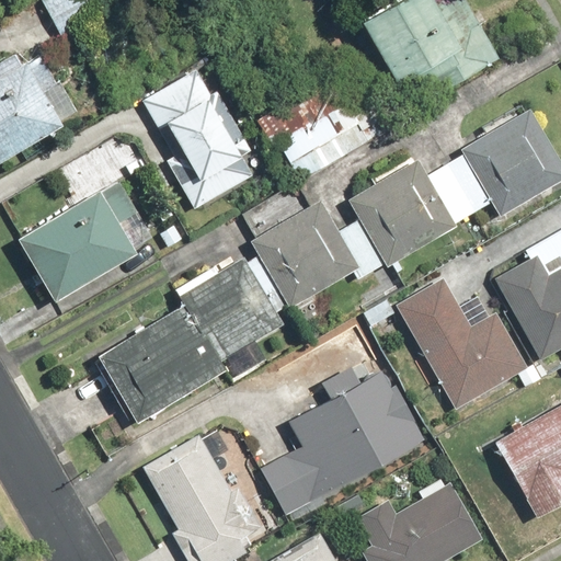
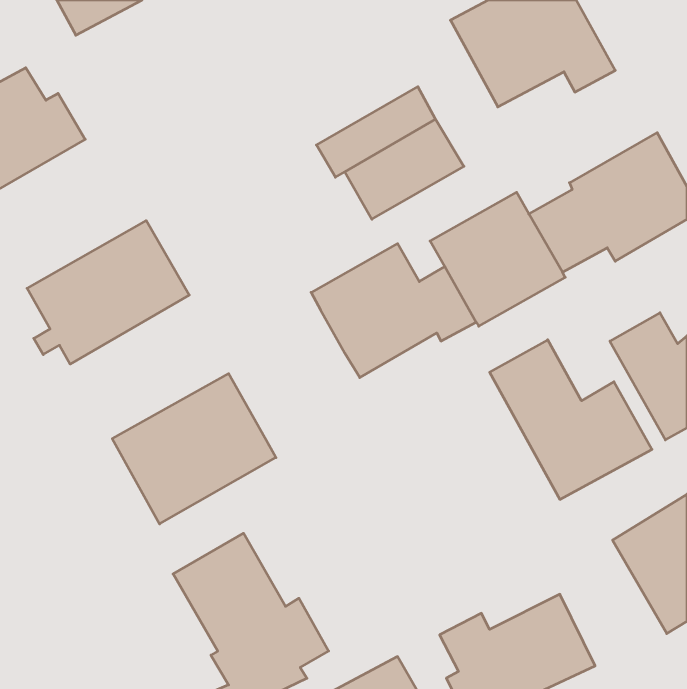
building: [142,69,252,209] -> none
building: [179,253,287,385] -> none
building: [260,369,424,516] -> none

